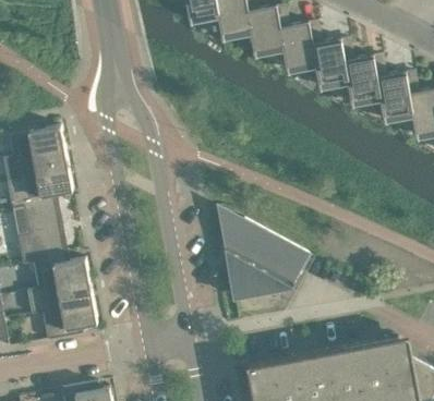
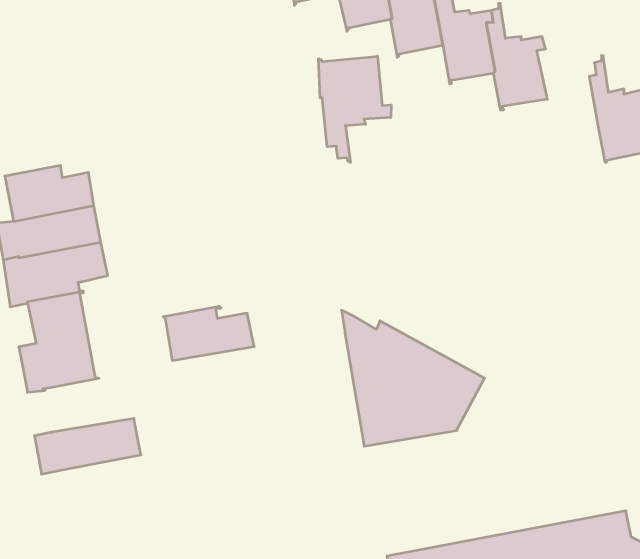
building: [341,39,379,106] -> none
building: none -> [319,56,391,162]
building: [33,257,89,291] -> [163,306,254,360]
building: [43,305,97,343] -> none

